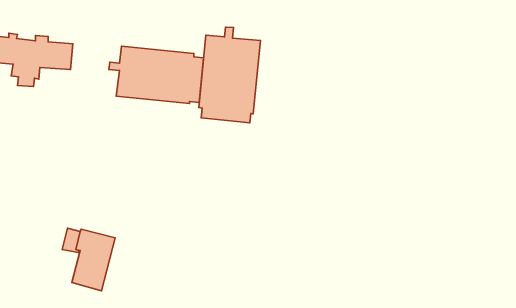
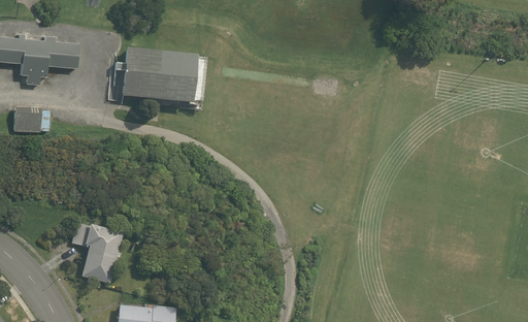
building: [199,27,261,123] -> none
building: none -> [13,105,41,132]

